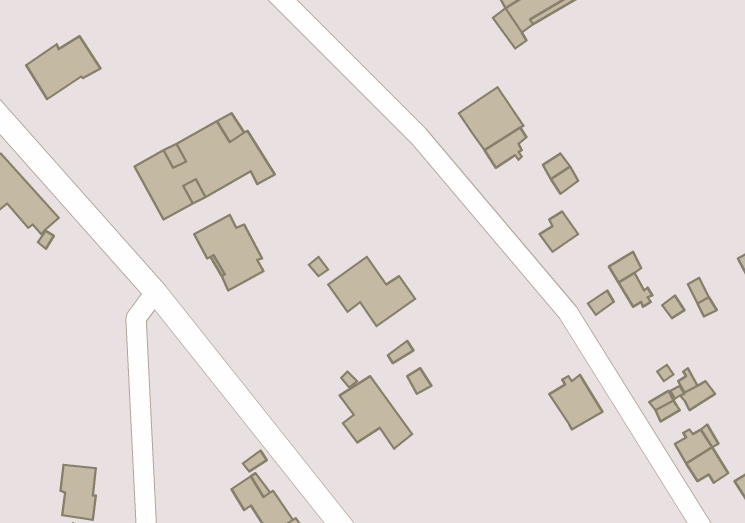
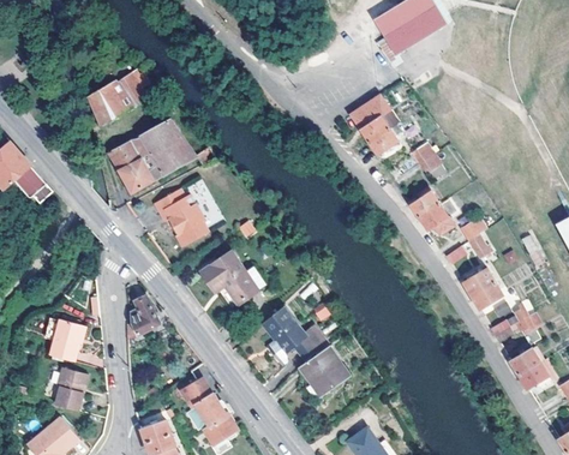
building: [26,36,100,99] -> [91,74,146,121]
building: none -> [420,203,454,233]
building: [328,257,415,326] -> [200,251,265,303]
building: none -> [128,294,160,335]
building: [549,375,602,430] -> [463,267,503,307]
building: none -> [47,325,77,367]
building: none -> [298,348,346,396]

